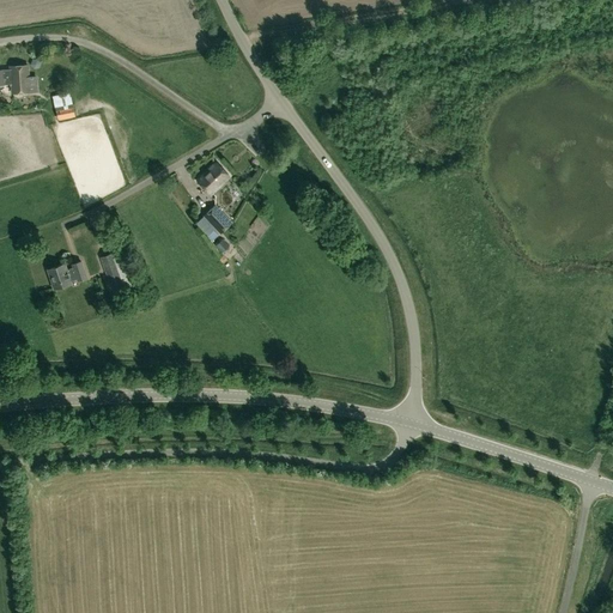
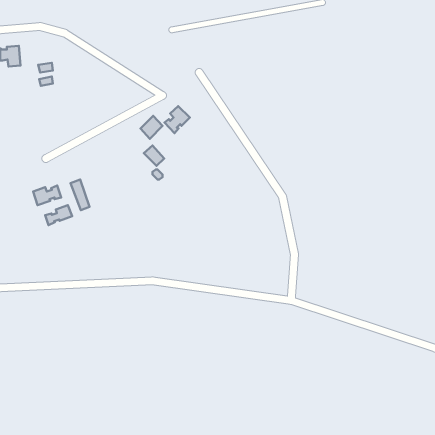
building: none -> [164,106,190,133]
building: none -> [45,205,72,225]

